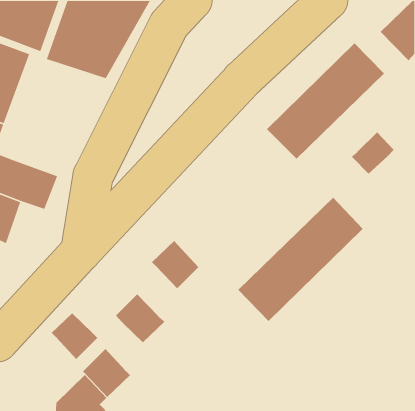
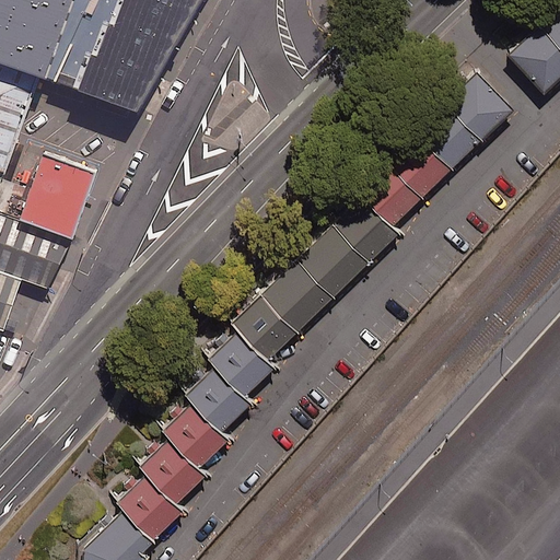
building: none -> [18,159,101,244]
building: [351,132,394,174] -> none
building: [238,197,363,322] -> [232,191,400,359]
building: none -> [178,366,244,432]
building: [51,312,98,360] -> [135,441,198,504]

